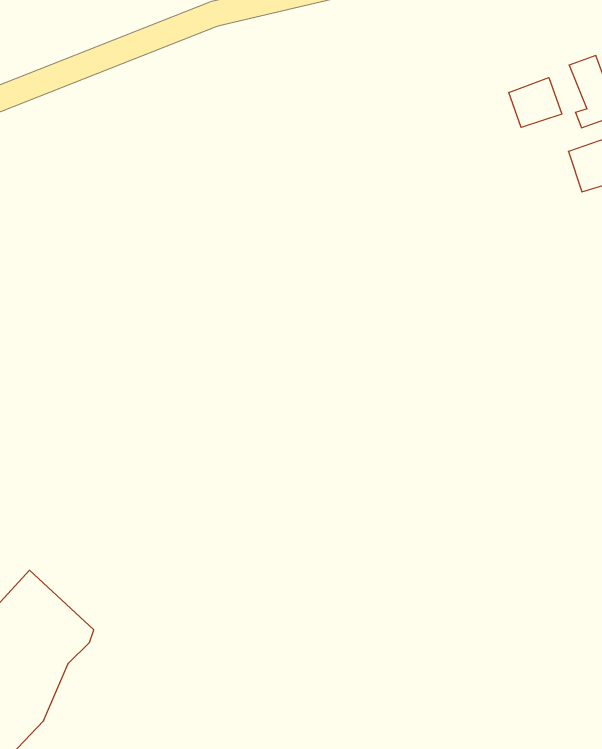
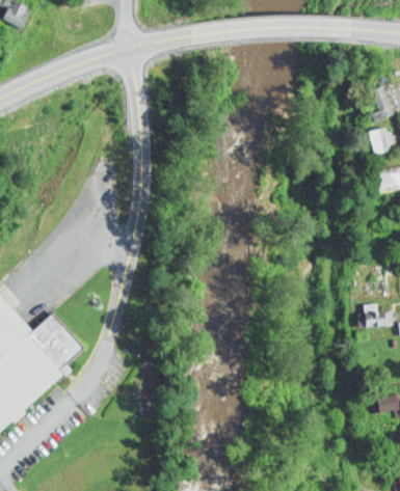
building: [509,78,562,127] -> none

